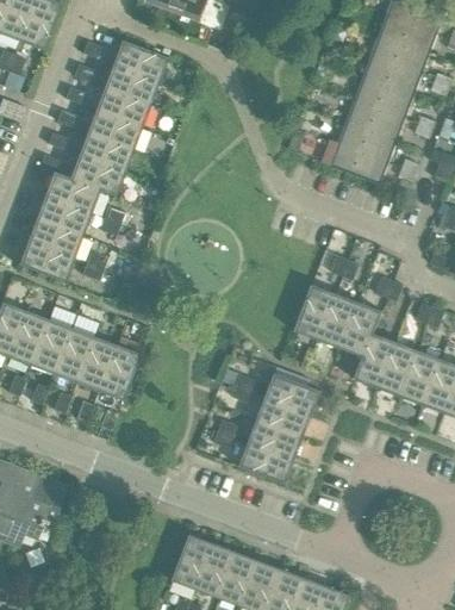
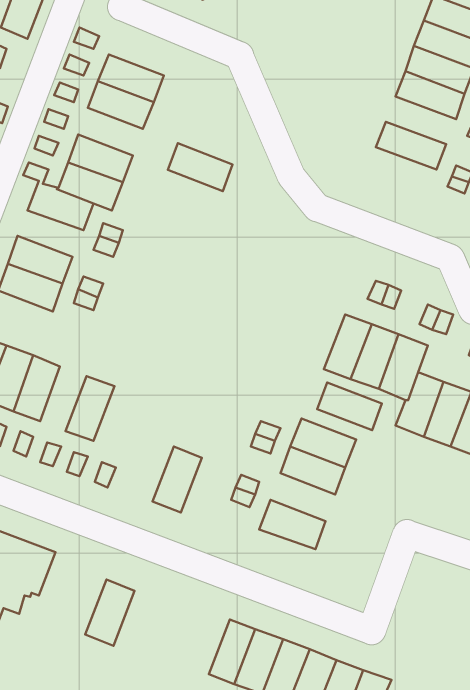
building: [112,41,167,82] -> none
building: [347,100,406,141] -> none
building: [86,110,141,150] -> [168,143,233,191]
building: [330,143,389,186] -> none
building: [35,197,91,236] -> none
building: [54,329,93,384] -> none
building: [99,346,141,402] -> [153,447,202,513]
building: [249,419,304,460] -> [317,382,382,430]
building: [173,534,214,590] -> [85,580,135,646]

